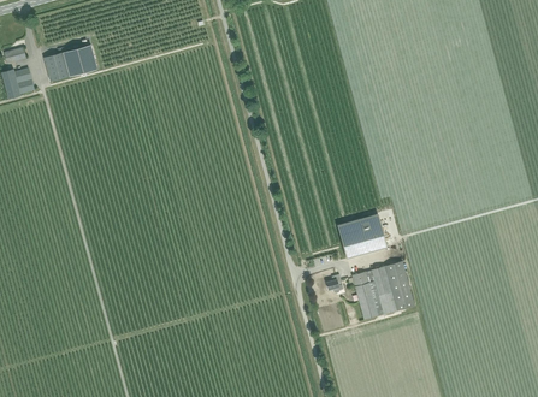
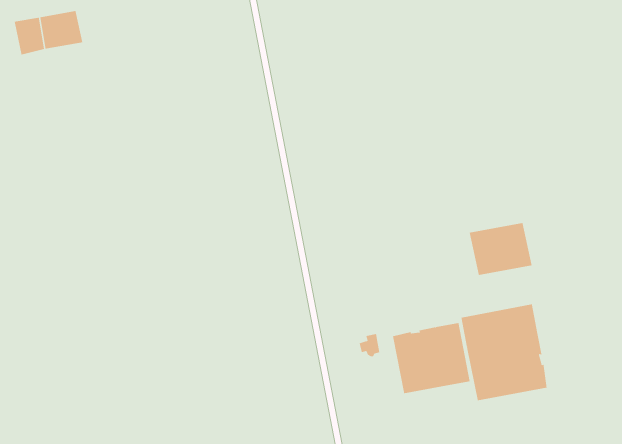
building: [337,214,388,257] -> [469,222,532,276]
building: none -> [461,304,547,401]

